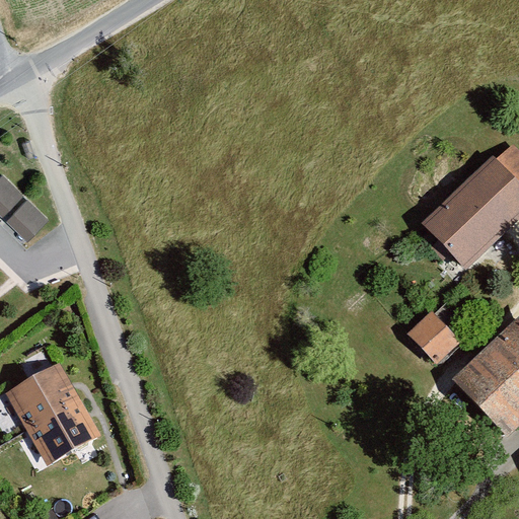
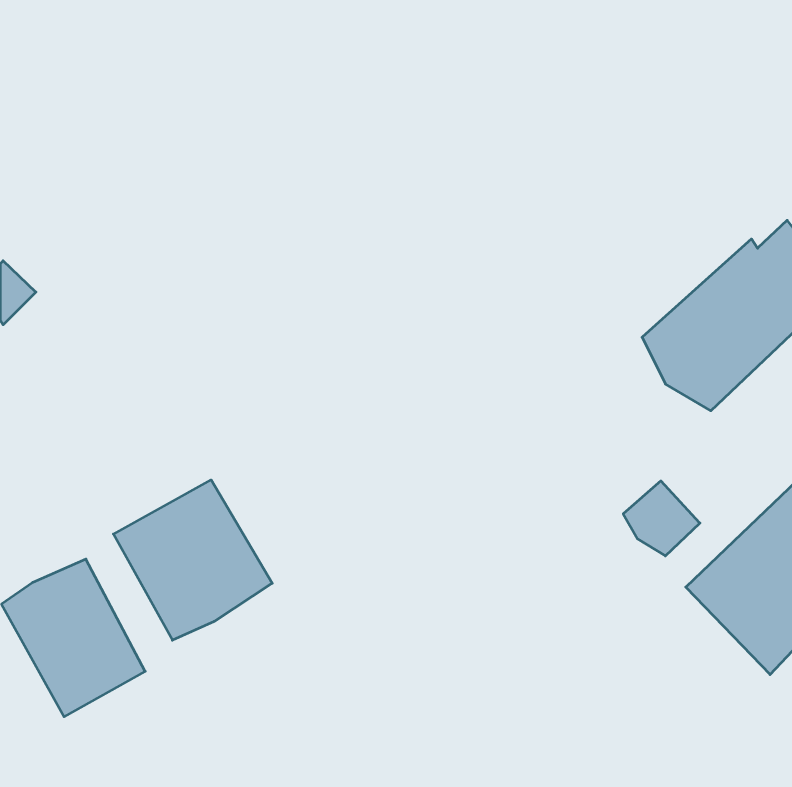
building: [11,195,53,235] -> none
building: none -> [113,480,272,640]

